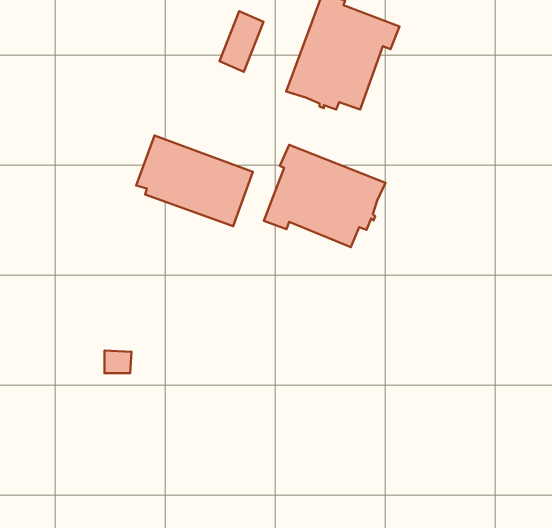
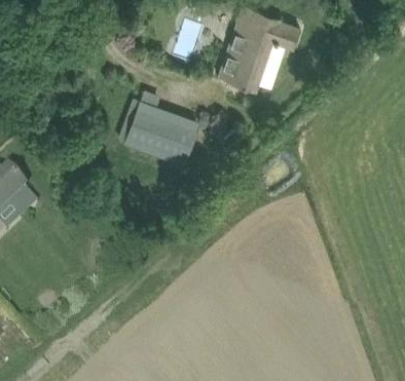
building: [264,145,386,247] -> none

